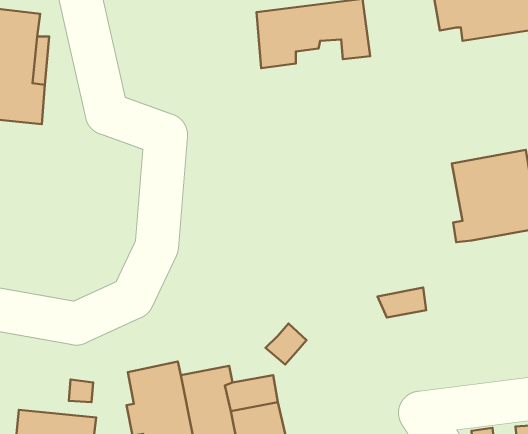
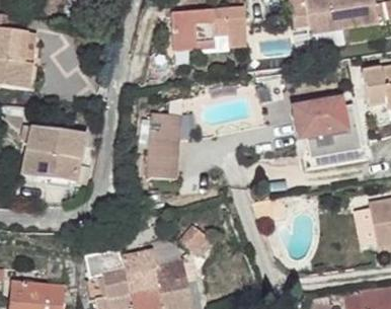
building: none -> [144,112,175,176]
building: none -> [22,126,85,181]

